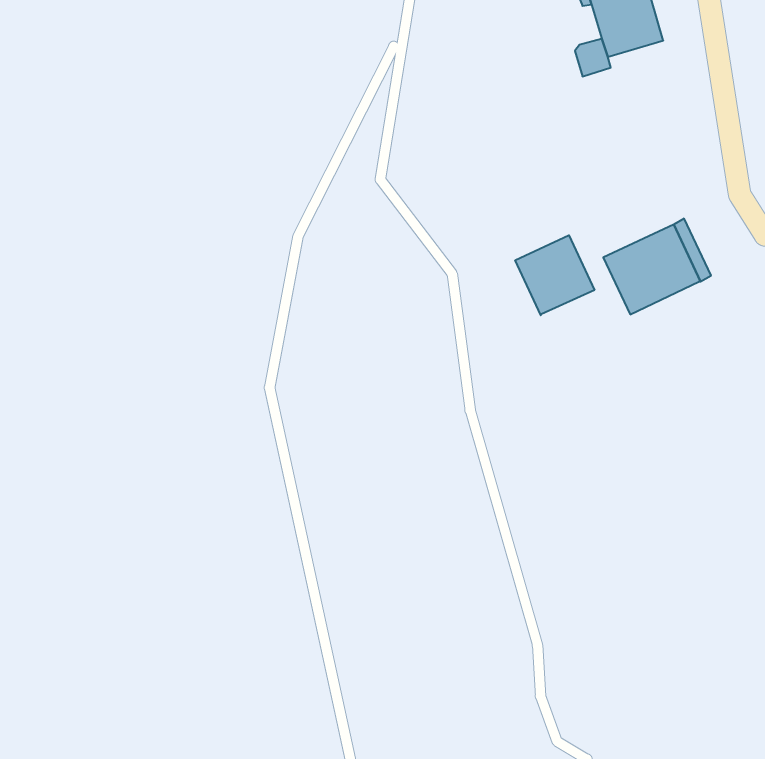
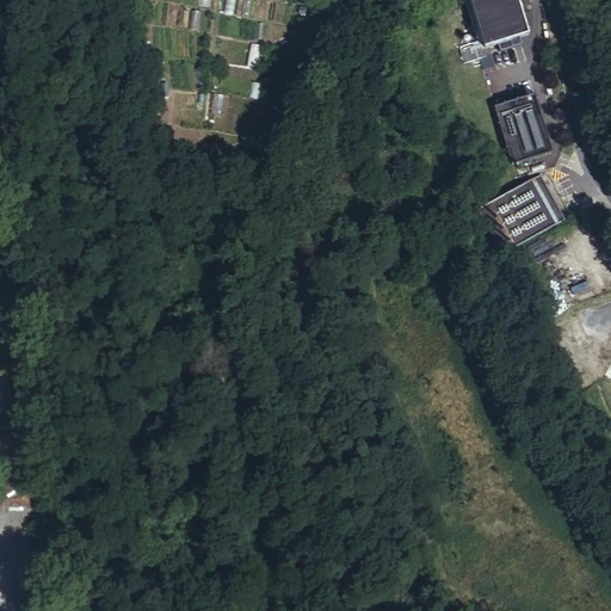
building: none -> [495,91,554,161]
building: [515,235,594,315] -> none

